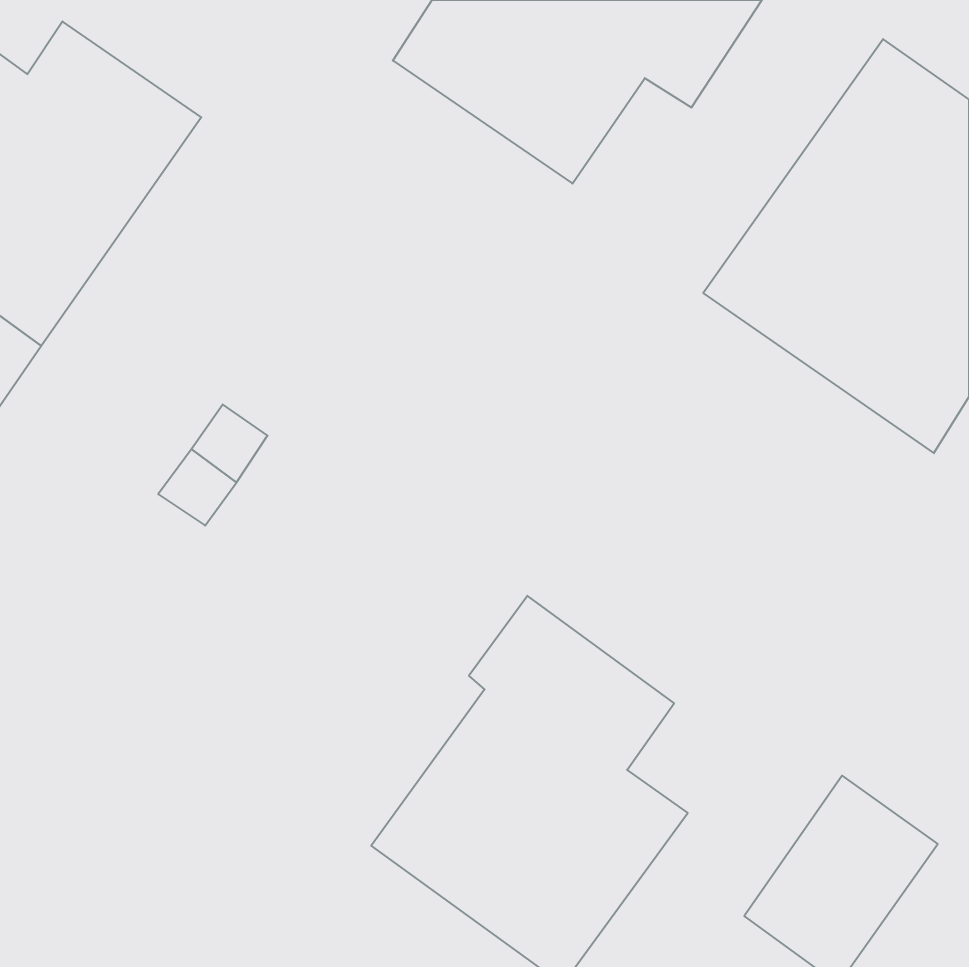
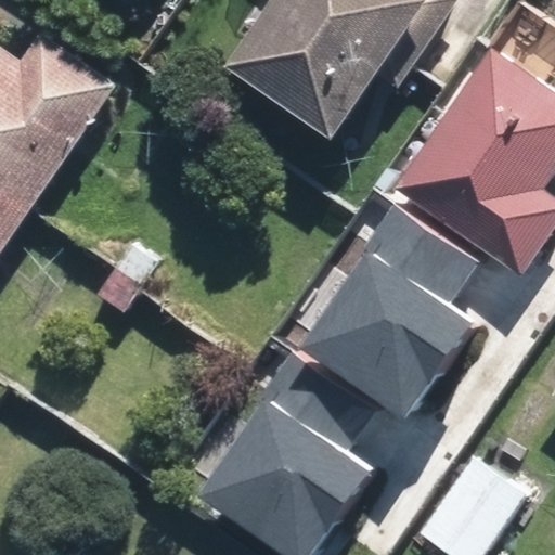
building: none -> [311,206,487,421]

